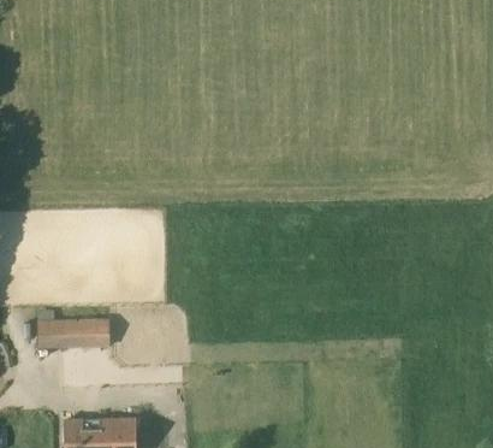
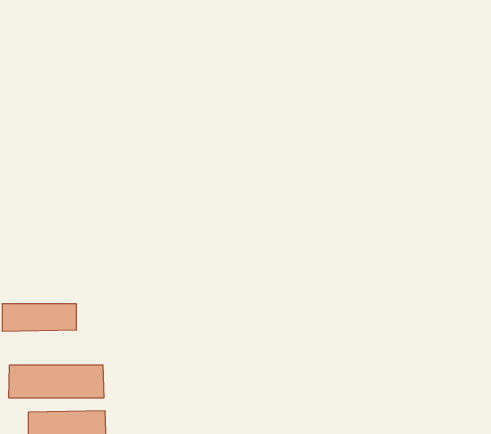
building: none -> [9,365,104,398]

